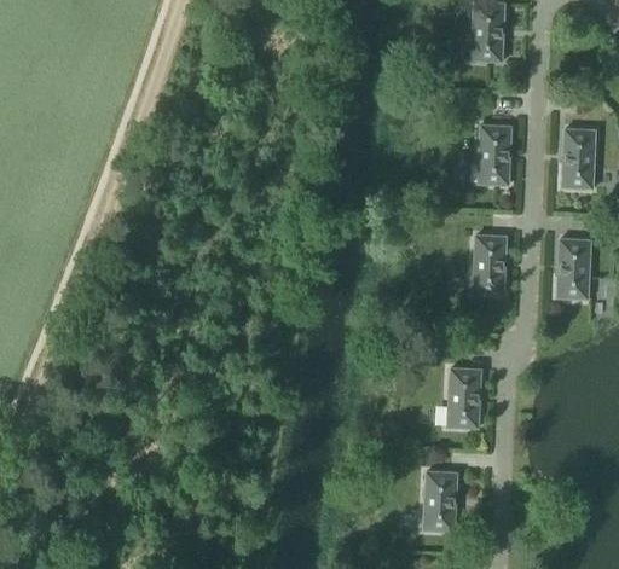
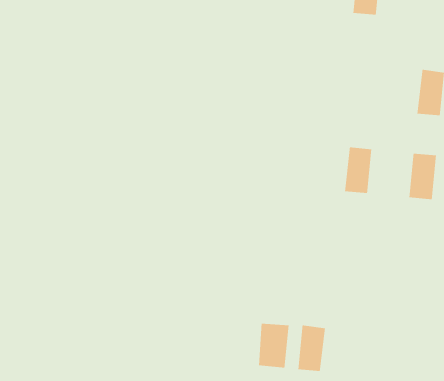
building: [476,124,510,185] -> none
building: [447,367,480,428] -> none
building: none -> [258,323,289,368]

